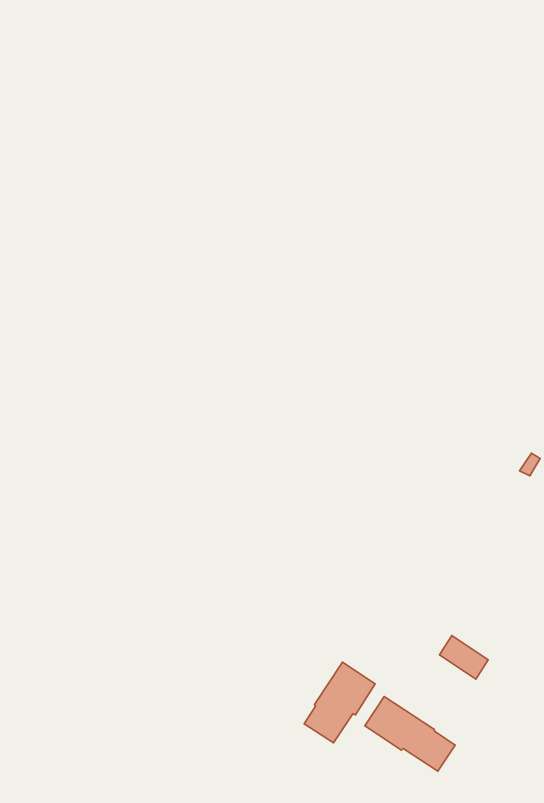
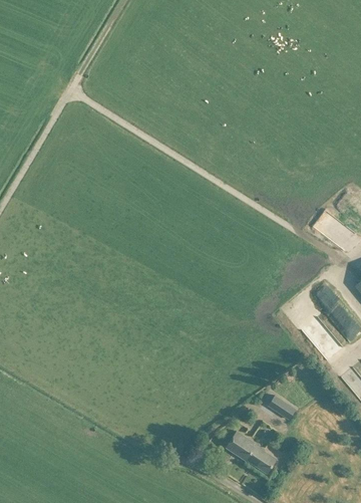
building: [304,662,375,743] -> none

